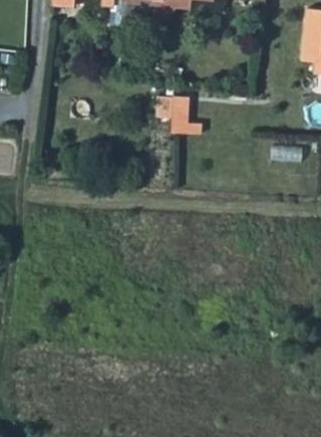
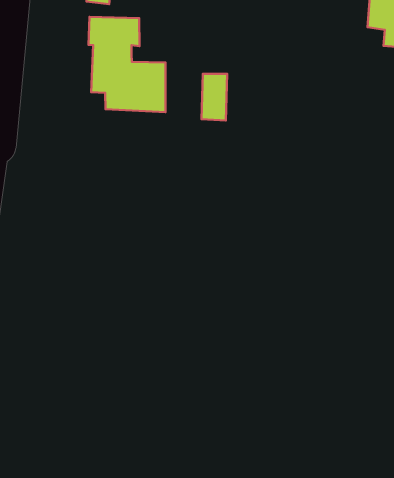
building: none -> [89,17,166,112]

